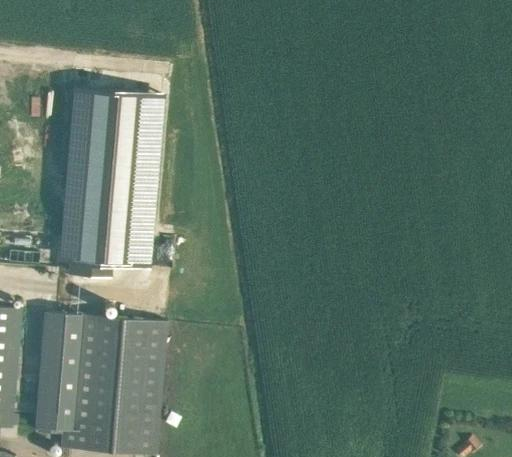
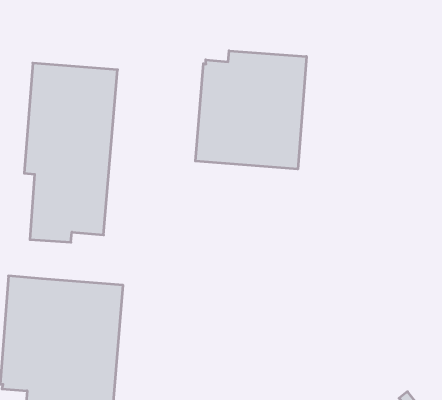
building: none -> [195,51,306,169]

